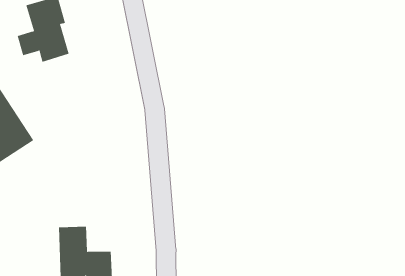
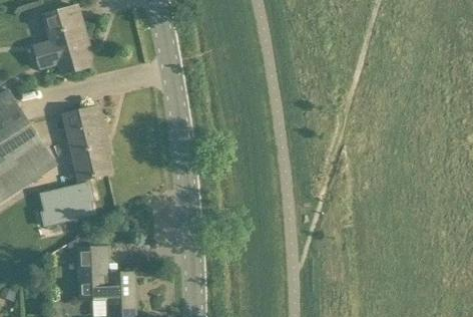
building: none -> [62,105,109,180]
building: none -> [40,182,92,226]

